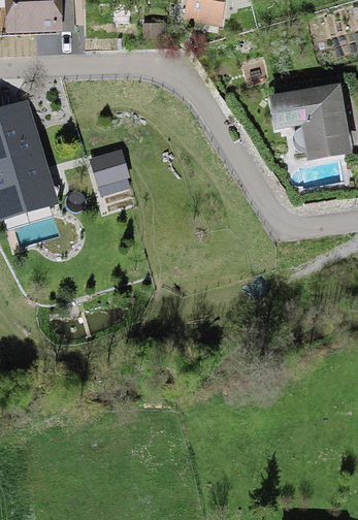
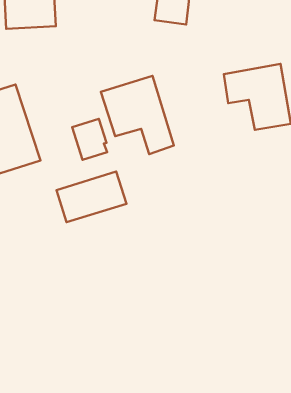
building: none -> [101,76,174,154]
building: none -> [56,171,126,222]

